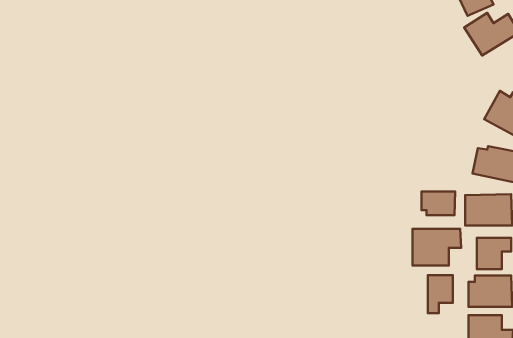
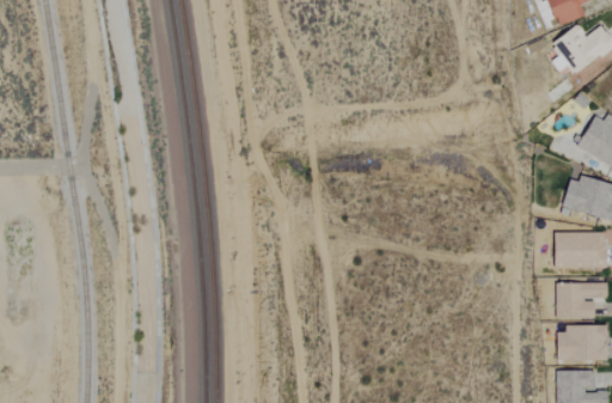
building: [422,191,455,215] -> none
building: [413,229,461,266] -> none
building: [428,275,453,313] -> none

